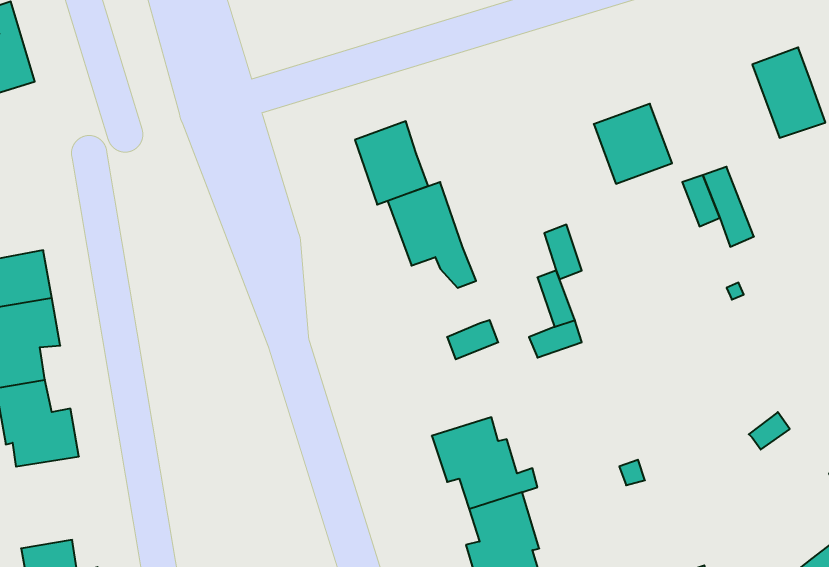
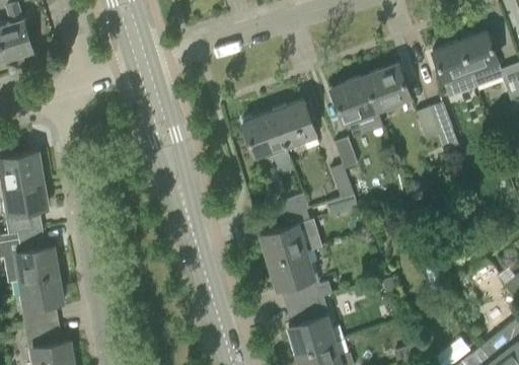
building: none -> [432,41,474,94]
building: [355,121,428,205] -> [273,99,316,149]
building: none -> [330,76,377,125]
building: none -> [260,220,312,262]
building: none -> [18,274,63,328]

